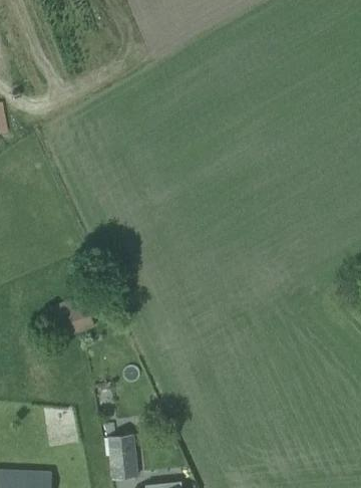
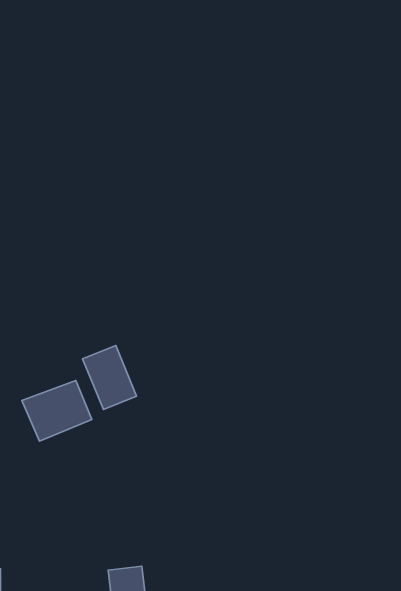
building: none -> [83,345,136,410]

